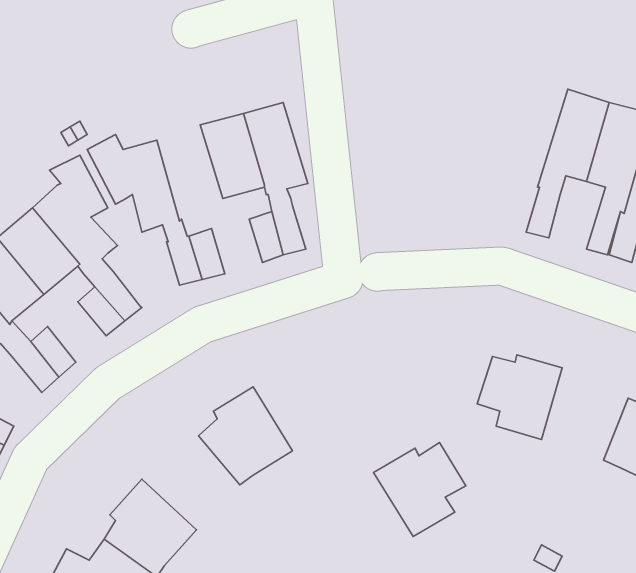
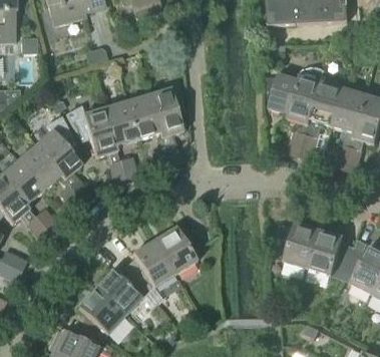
building: none -> [266,67,324,157]
building: none -> [103,100,138,151]
building: none -> [308,230,354,279]
building: none -> [95,266,147,316]
building: [374,442,466,537] -> [154,224,204,274]

